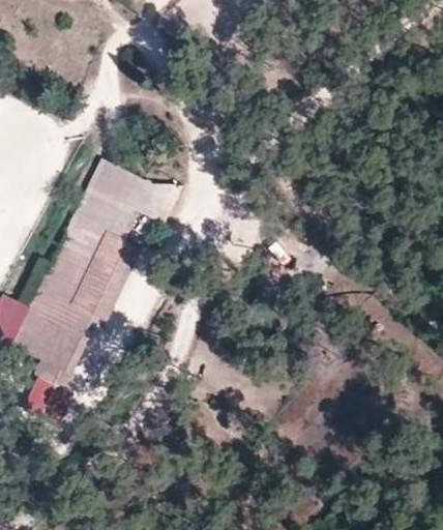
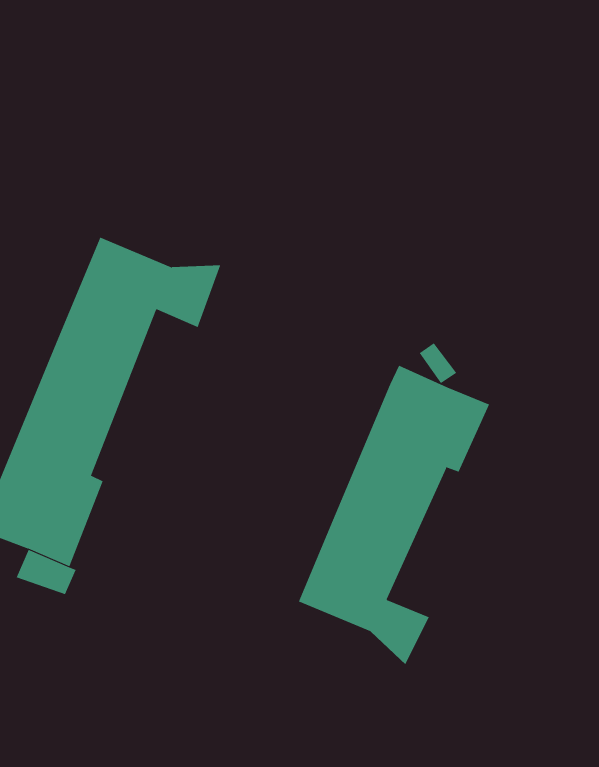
building: none -> [298,365,490,665]

